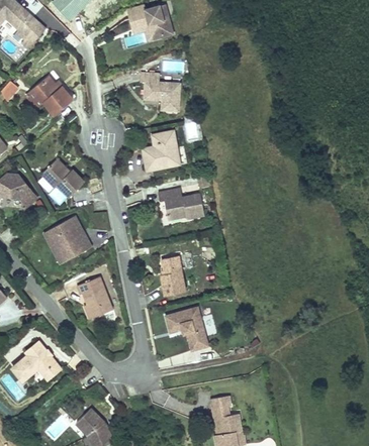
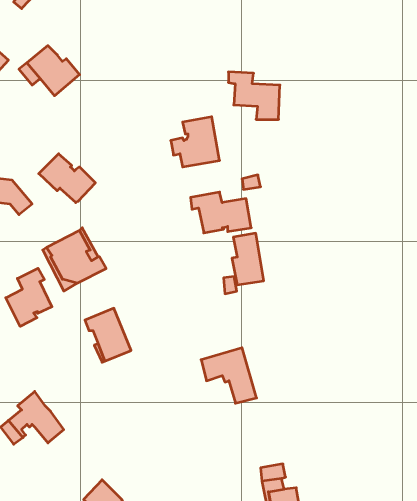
building: [141,73,180,109] -> [228,72,280,119]
building: none -> [6,268,52,326]
building: [161,255,185,295] -> [232,233,264,285]

